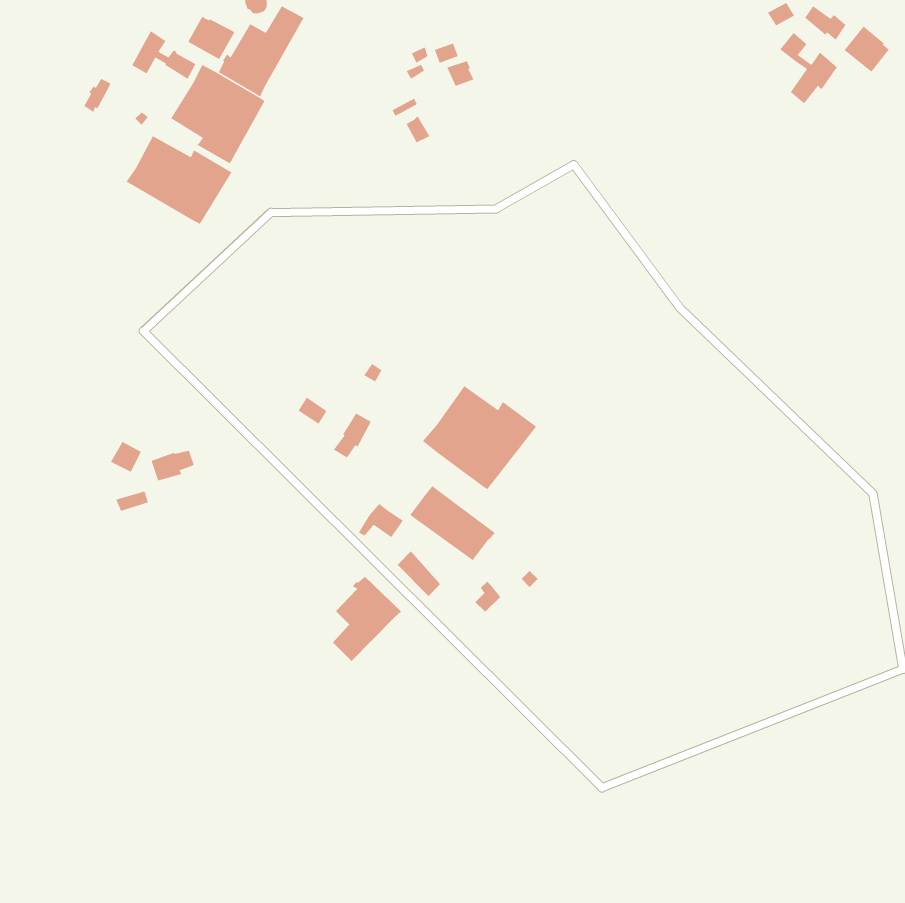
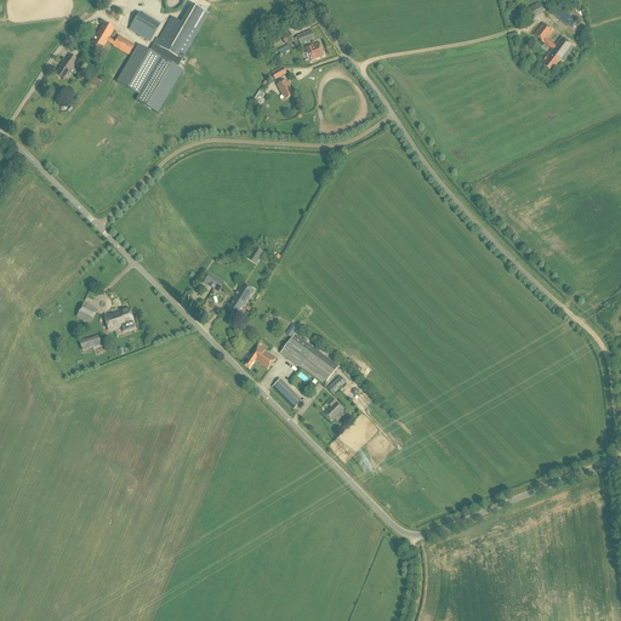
building: [844,25,890,72] -> none
building: [125,135,233,225] -> none
building: [422,385,537,490] -> none
building: [332,576,402,662] -> none

